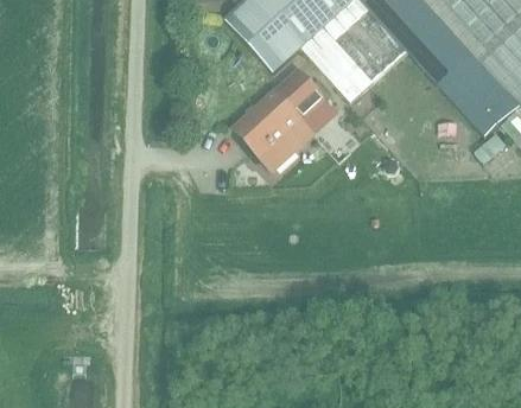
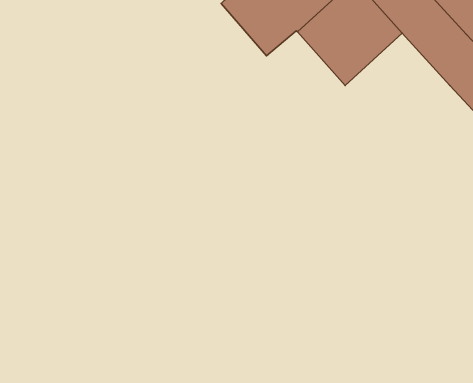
building: [235,68,337,168] -> none

